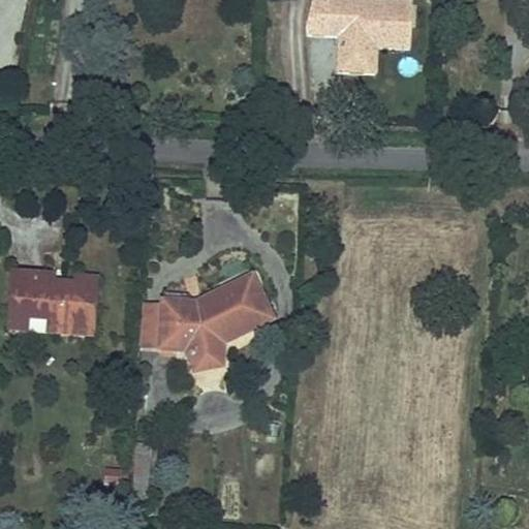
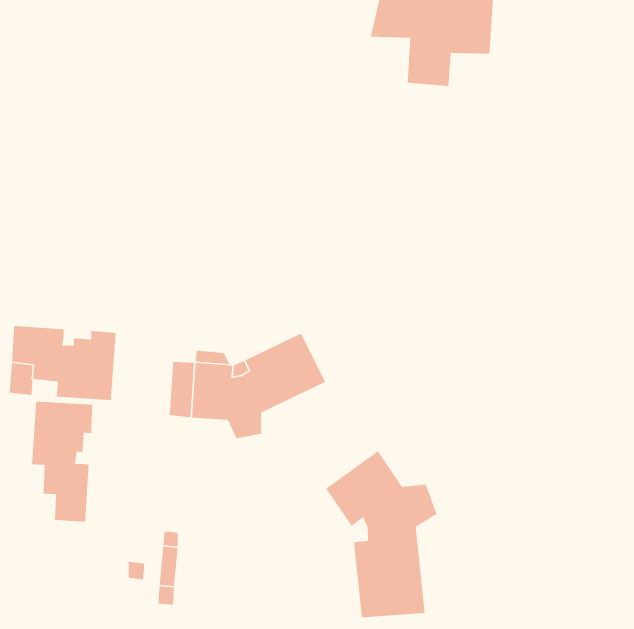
building: none -> [31,401,93,523]
building: none -> [325,450,437,618]

